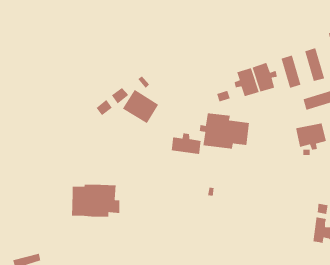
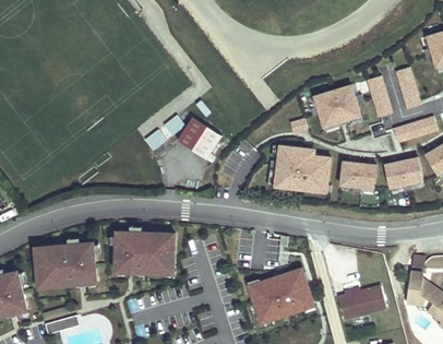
building: none -> [340,161,375,193]
building: [171,133,202,155] -> none
building: none -> [36,242,96,285]
building: none -> [248,271,313,323]
building: none -> [337,285,385,319]

